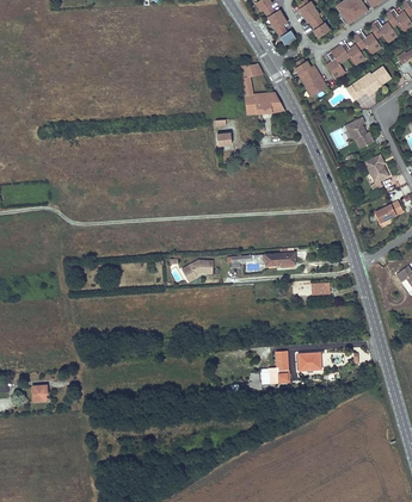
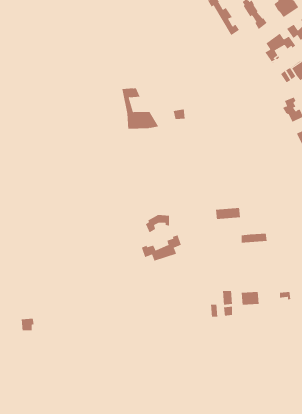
building: [296,57,328,94] -> none
building: [240,63,285,113] -> [122,88,159,129]
building: none -> [141,235,181,261]

